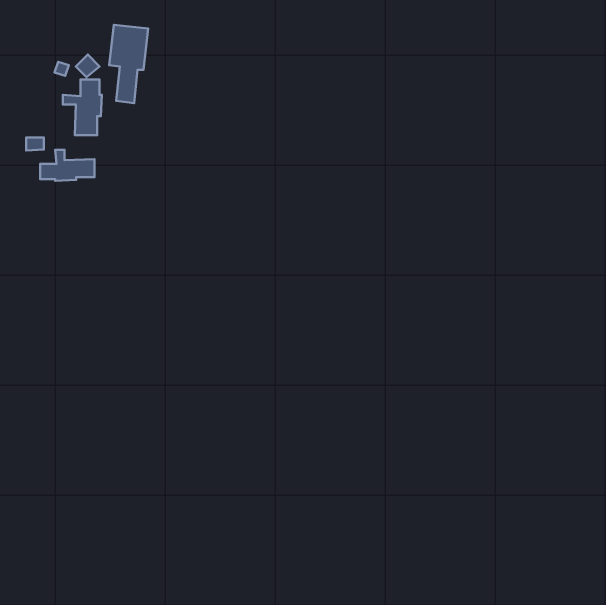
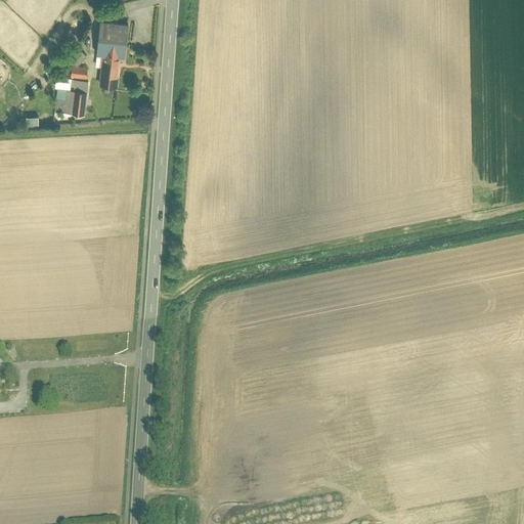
building: [40,150,94,181] -> none

